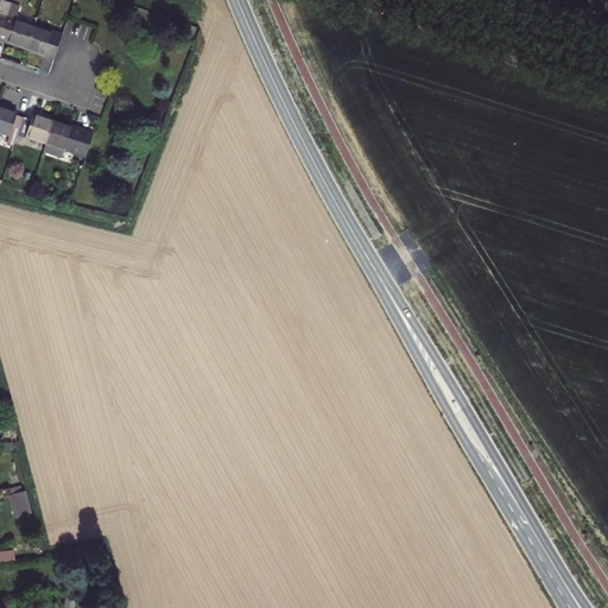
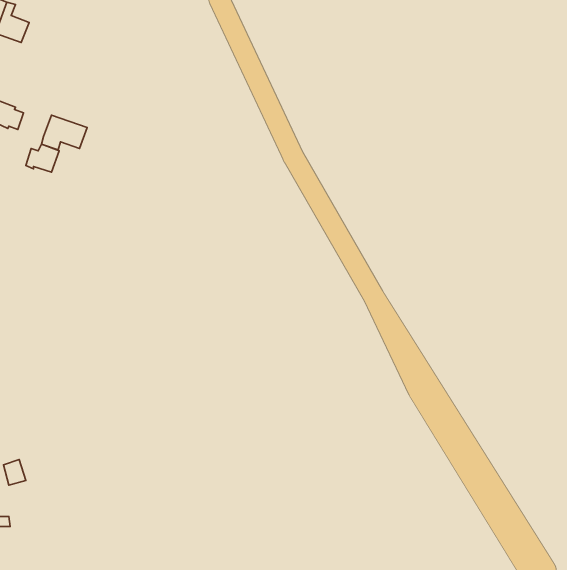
building: [23,24,61,56] -> none
building: [19,115,55,145] -> [26,144,59,172]

